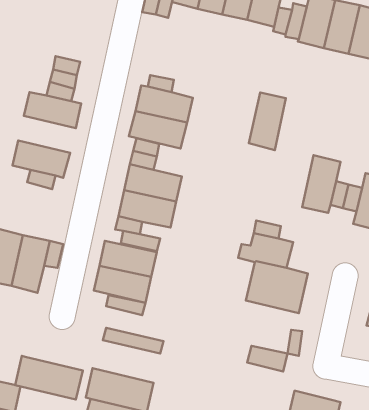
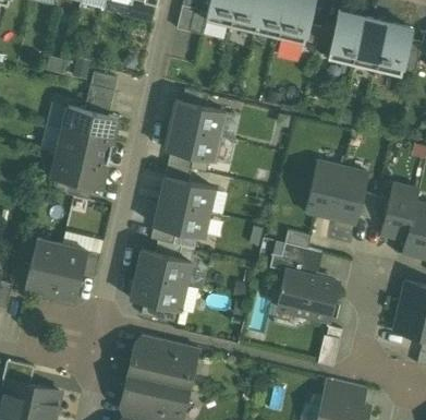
building: [249,93,286,150] -> [306,163,342,218]
building: none -> [57,130,112,166]
building: [247,346,288,372] -> [325,380,364,405]
building: [15,356,83,400] -> [129,346,194,388]

